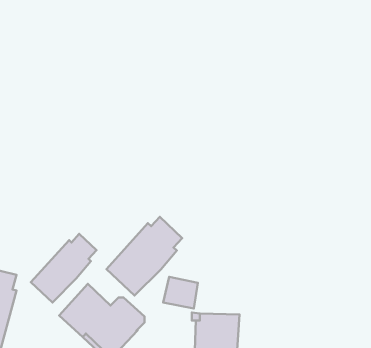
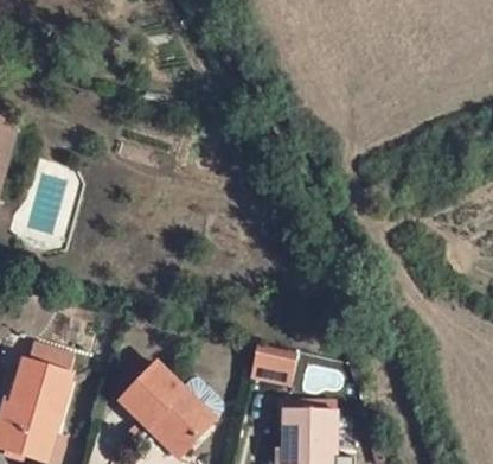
building: [106,217,182,296] -> none
building: [31,234,96,302] -> none

